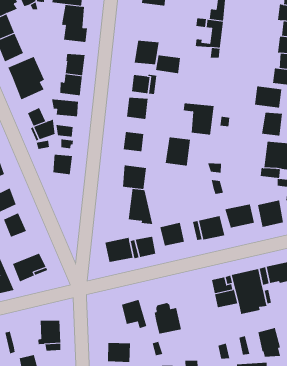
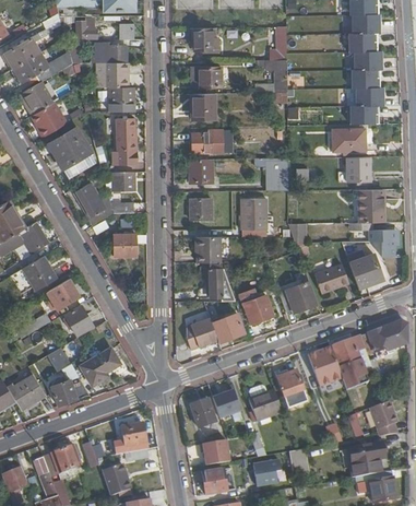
building: [155,55,181,74] -> [195,68,223,86]
building: none -> [273,360,304,397]
building: none -> [191,399,216,426]

